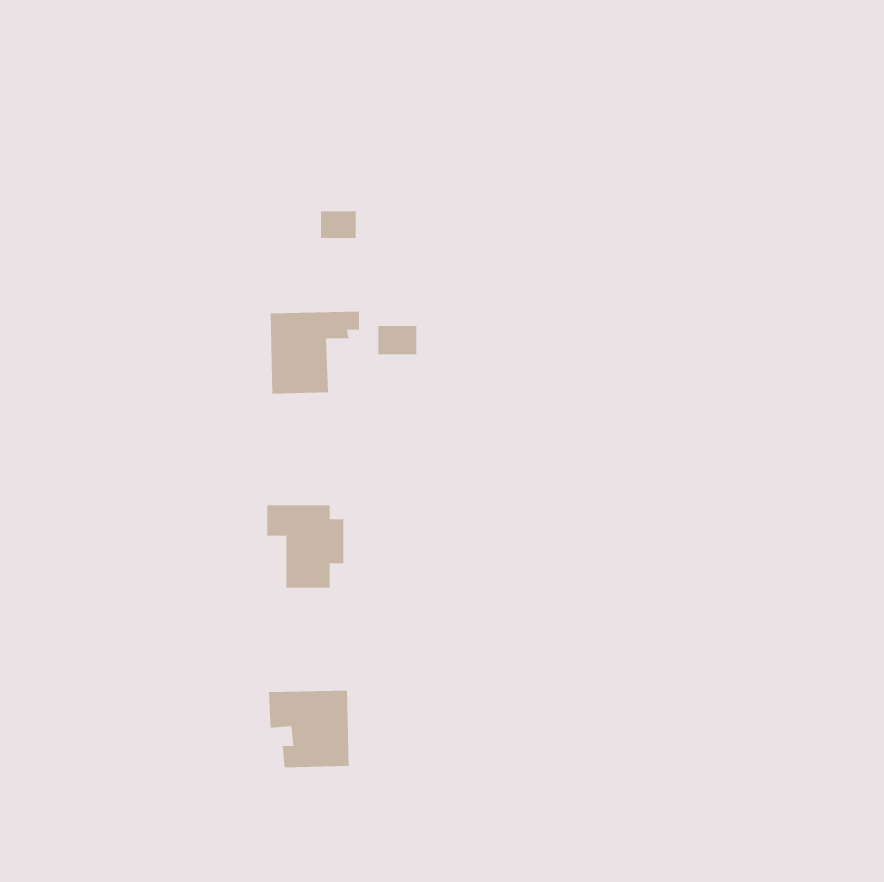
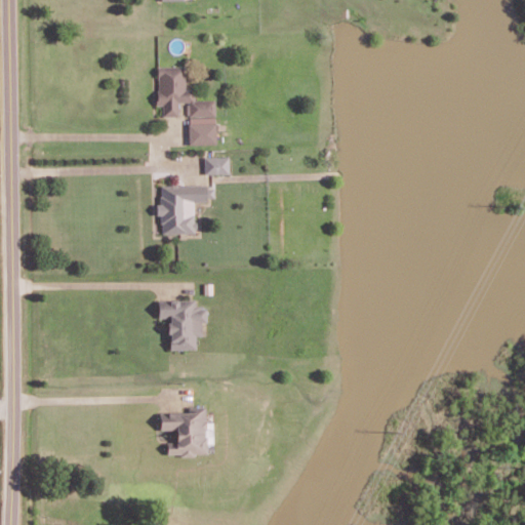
building: none -> [157,67,215,117]
building: [377,325,417,355] -> [205,158,229,175]

